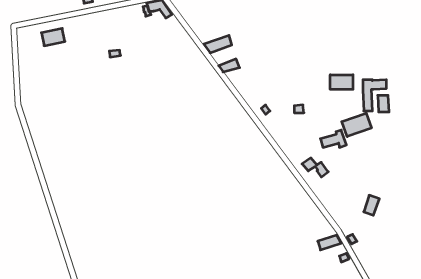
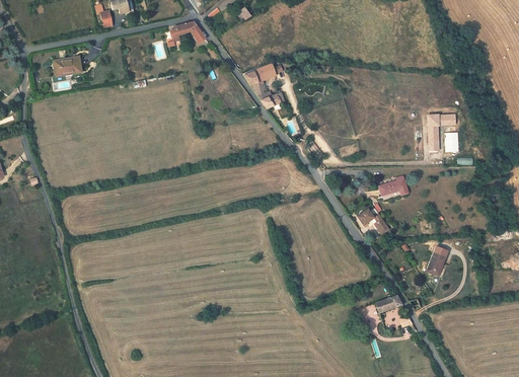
building: [330,75,353,89] -> none
building: [342,113,371,137] -> none

